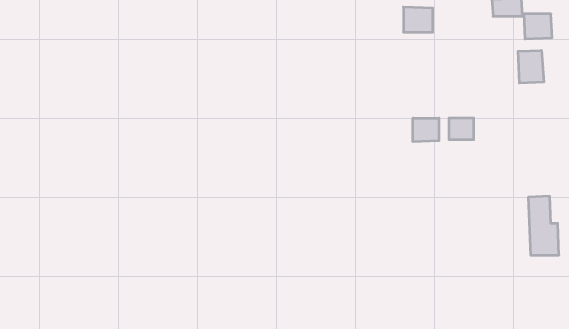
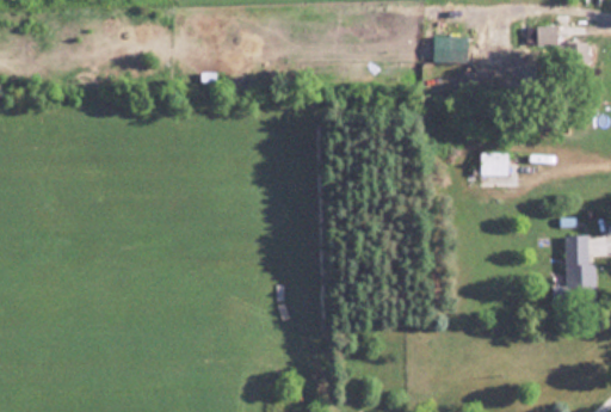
building: [518,50,544,83] -> none
building: [413,118,439,142] -> none

